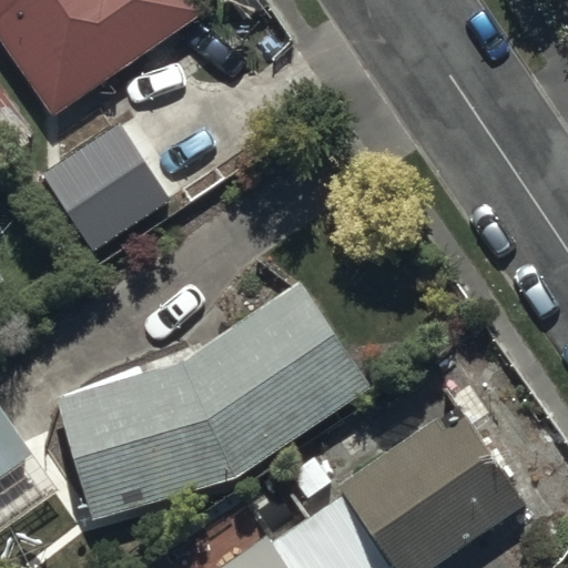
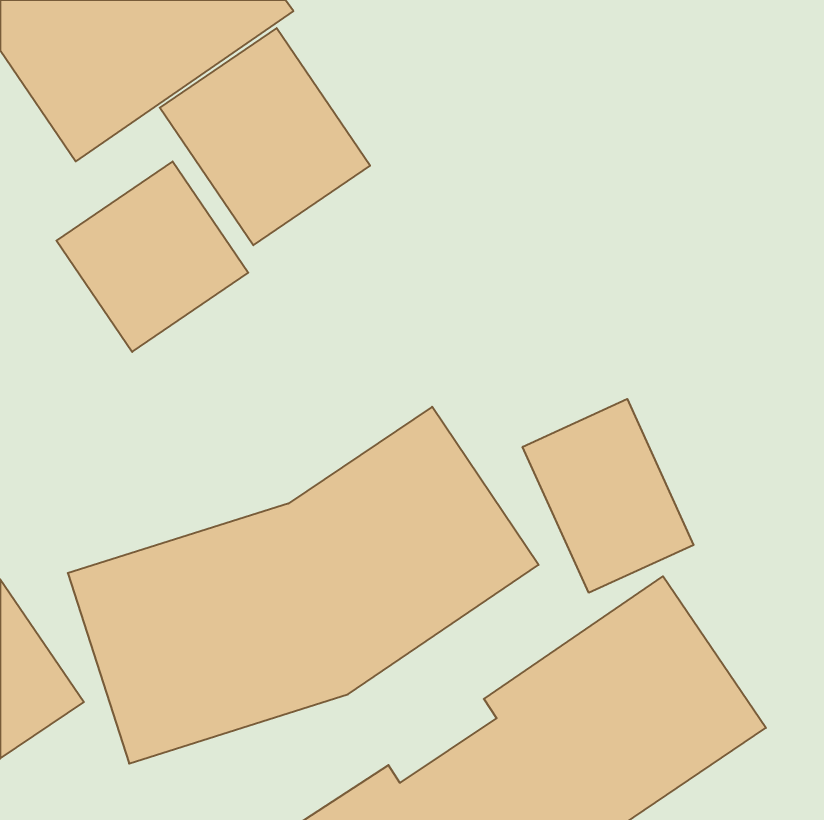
building: none -> [160,28,370,245]
building: none -> [523,399,694,593]

